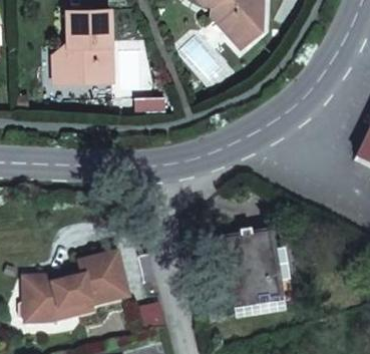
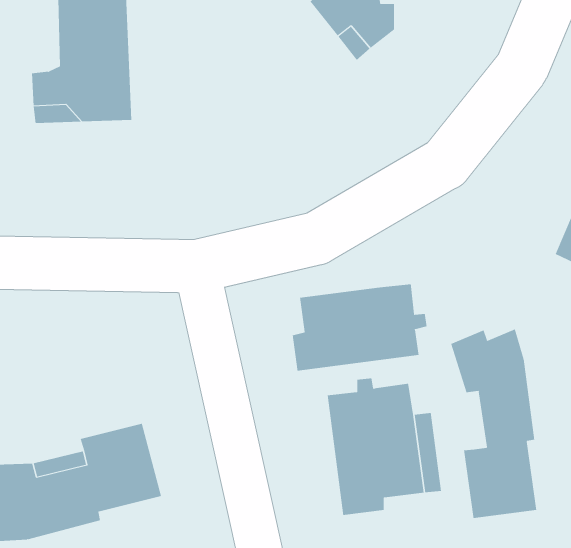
building: none -> [292,284,427,371]
building: none -> [451,329,537,519]

